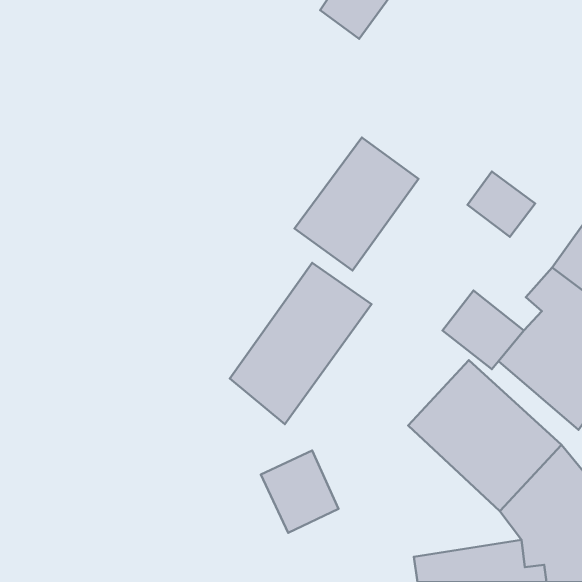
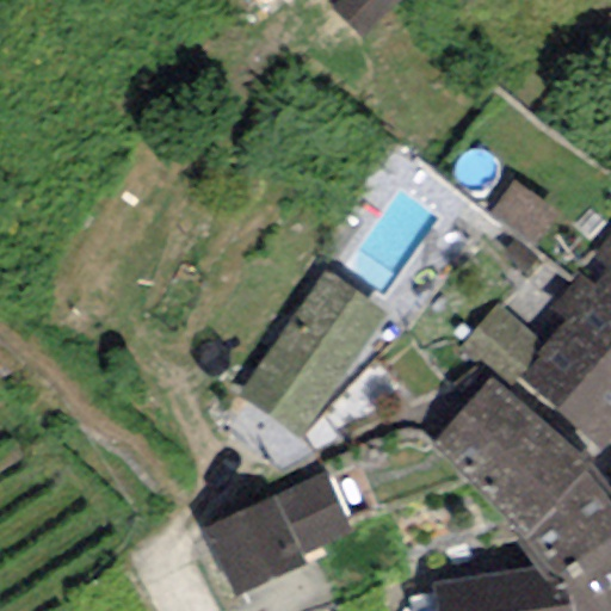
building: [295,138,418,270] -> none
building: none -> [202,495,307,599]

